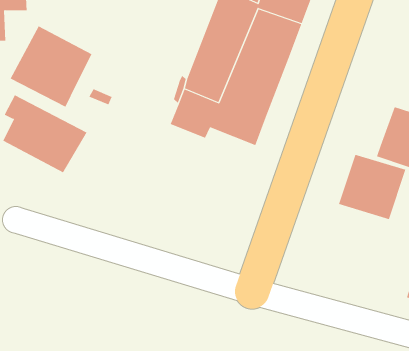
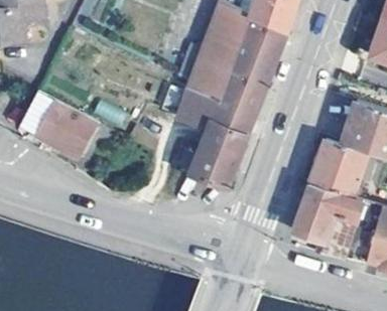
building: [10,25,92,107] -> none
building: none -> [182,117,240,183]
building: none -> [293,181,364,259]

